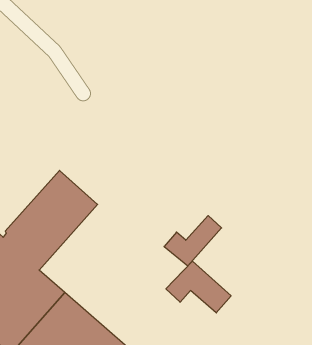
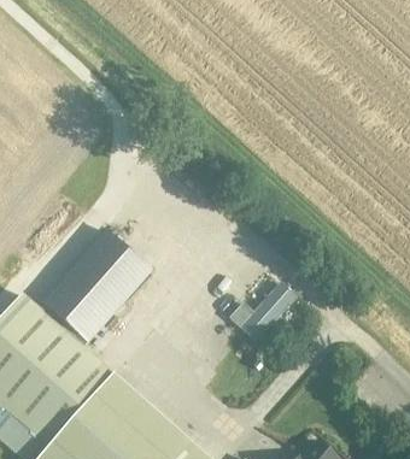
building: [166,261,231,313] -> none

